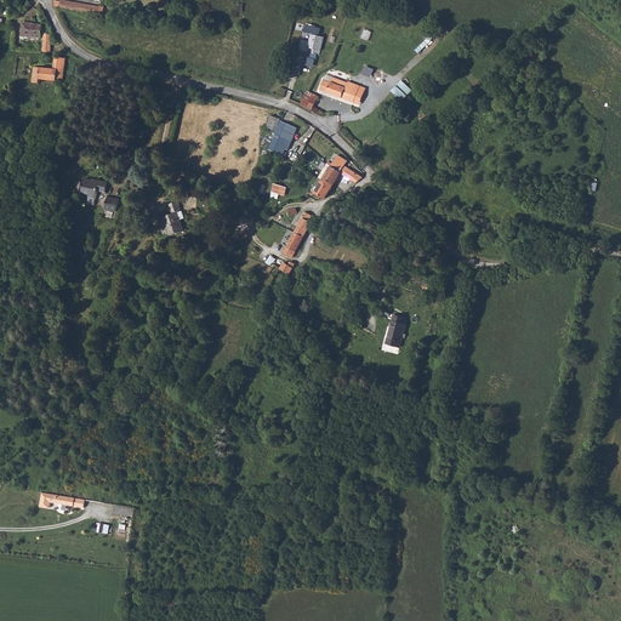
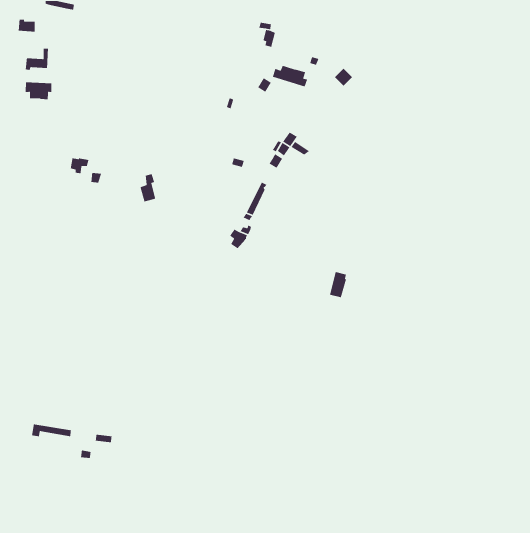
building: none -> [25,81,52,100]
building: [266,119,295,155] -> none

